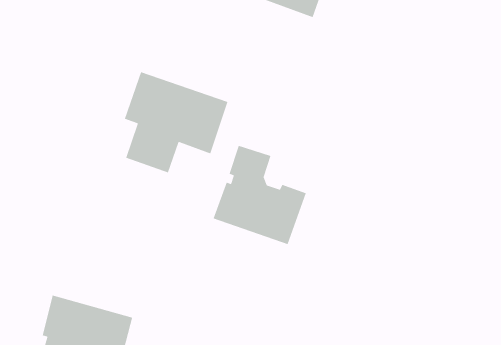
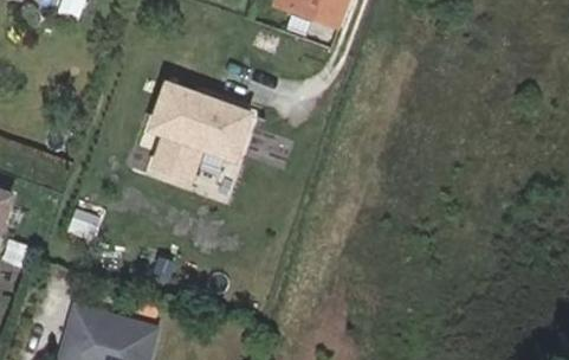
building: [212,145,307,245] -> none

